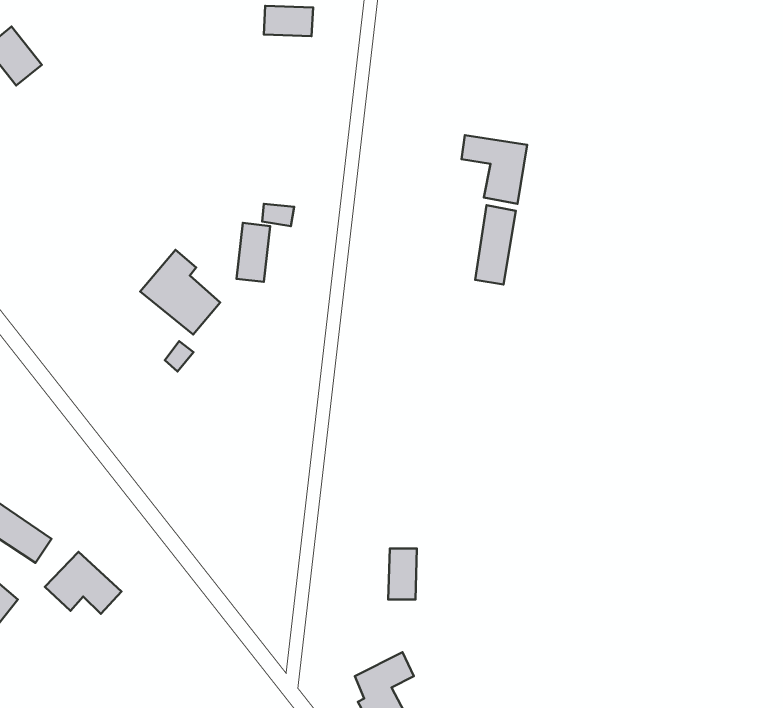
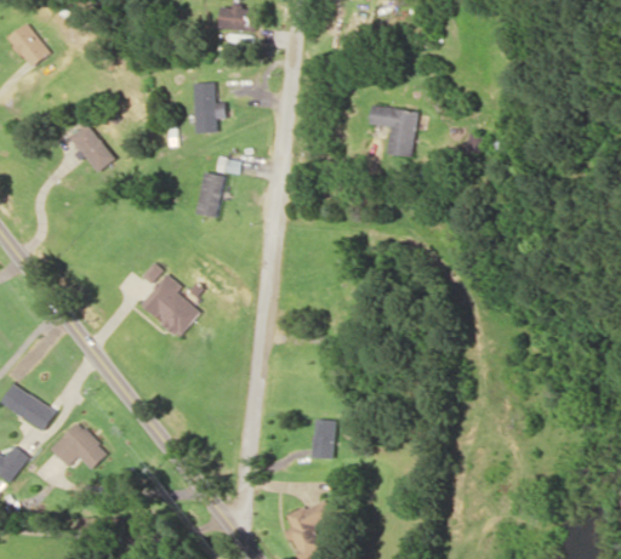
building: none -> [193,82,224,132]
building: none -> [68,124,114,172]
building: [475,205,516,285] -> none
building: [140,250,220,334] -> [139,273,200,337]

